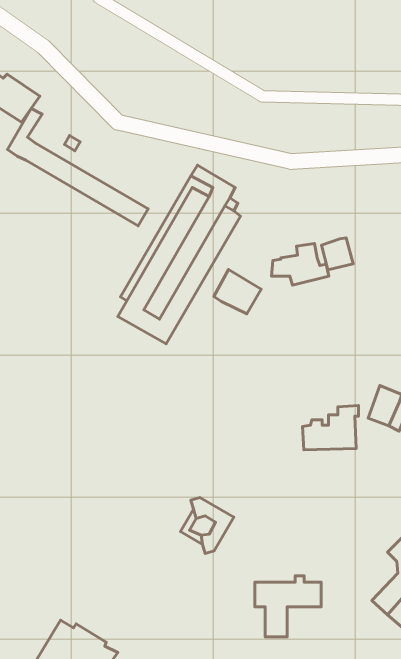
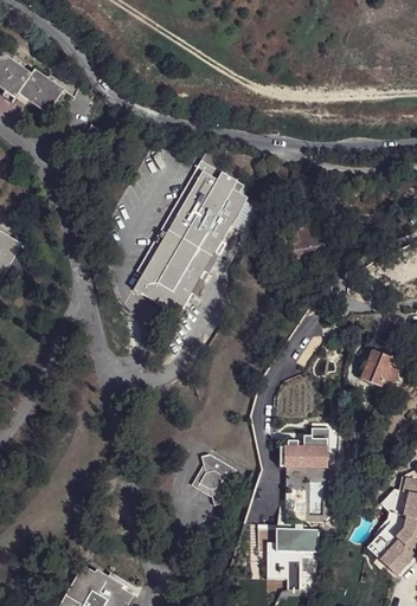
building: [8,108,148,226] -> none
building: [322,238,353,270] -> none
building: [214,269,261,314] -> none
building: [303,406,359,450] -> [278,430,329,470]

